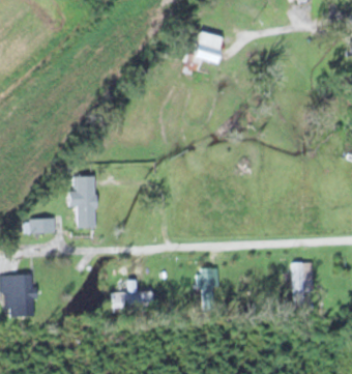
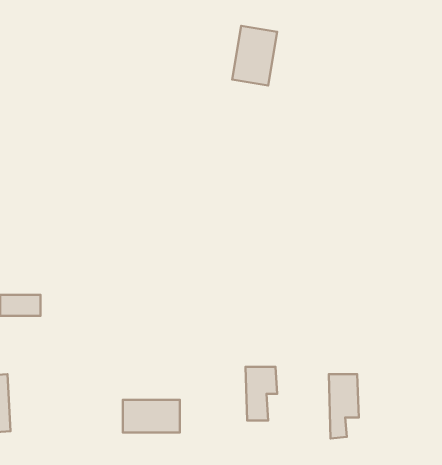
building: [68,175,94,228] -> none
building: [292,261,313,306] -> [329,374,359,438]

